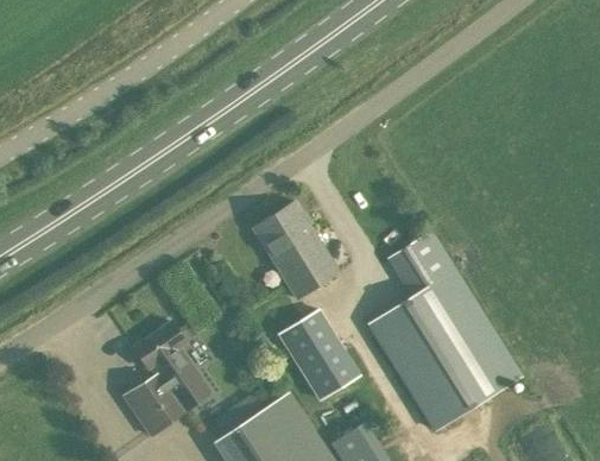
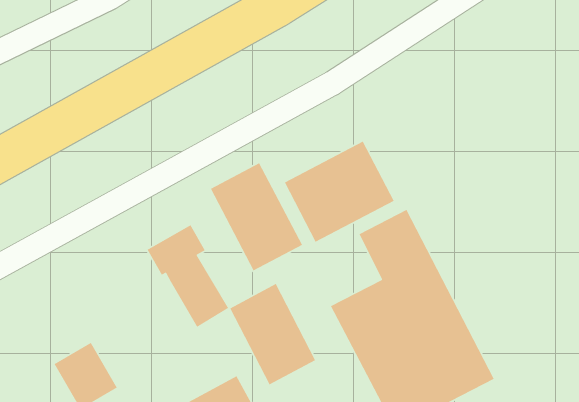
building: none -> [284,141,395,243]
building: [133,321,211,413] -> [146,224,229,328]

